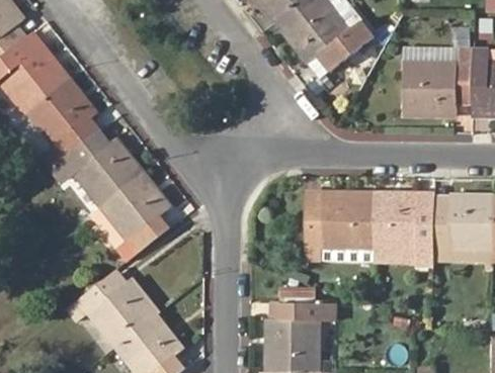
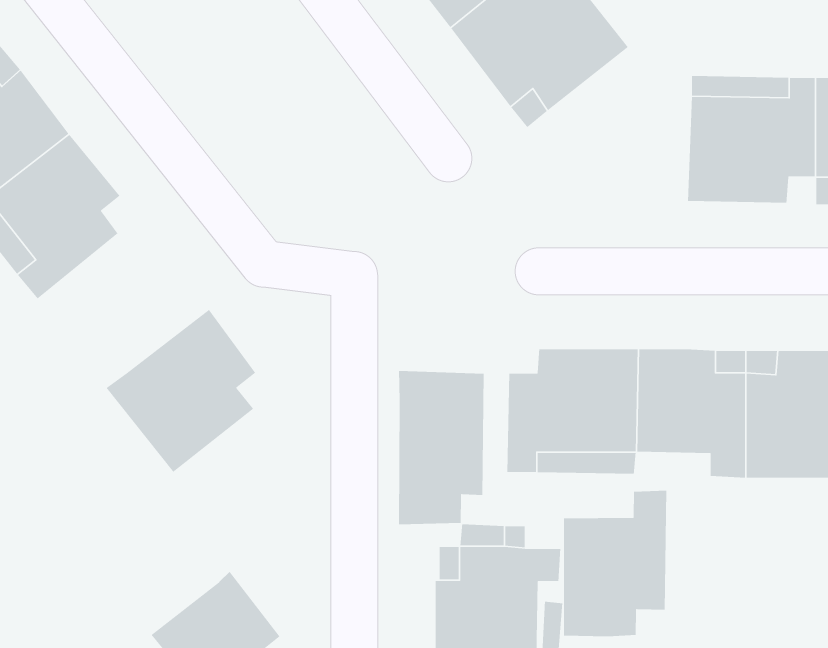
building: [54,132,146,207] -> none
building: none -> [398,370,484,525]
building: none -> [563,490,667,637]
building: [67,274,157,348] -> none

